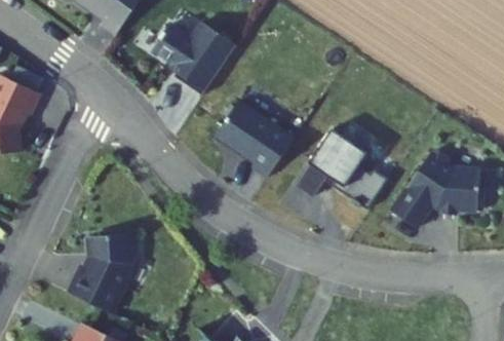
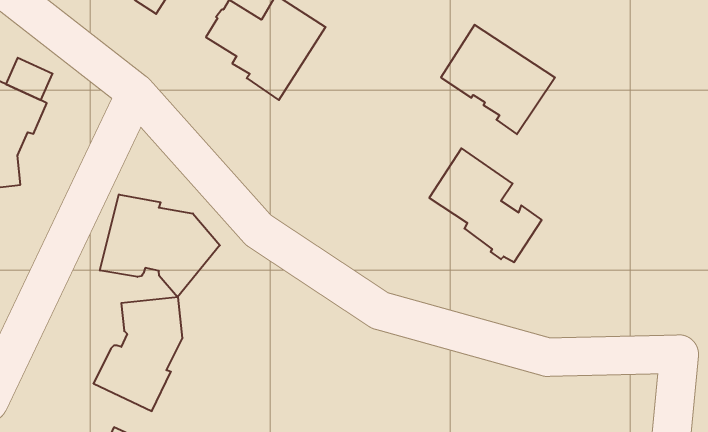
building: [214,99,294,176] -> [441,25,555,134]
building: [389,150,483,226] -> none
building: none -> [100,194,220,297]

